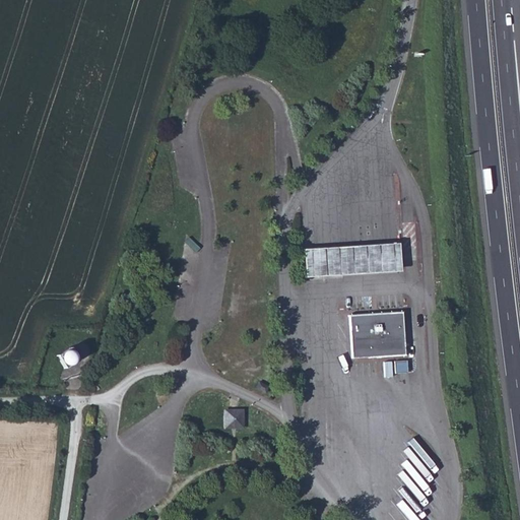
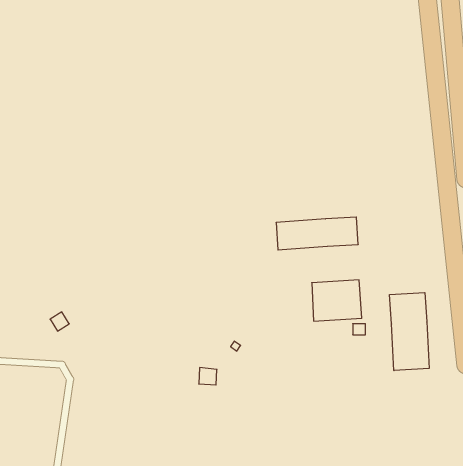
building: none -> [390,293,429,371]

